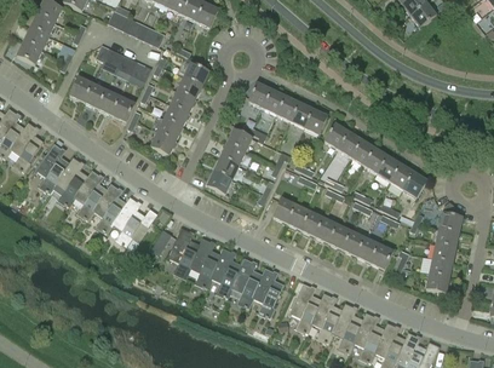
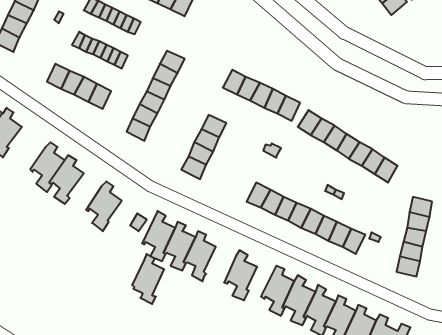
building: [34,143,68,192] -> none
building: [90,183,125,234] -> none
building: [229,257,262,307] -> [132,254,164,304]

